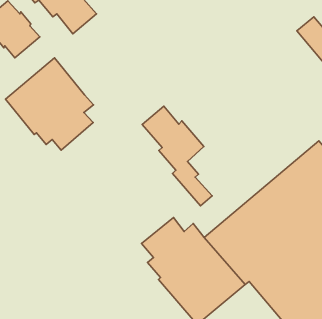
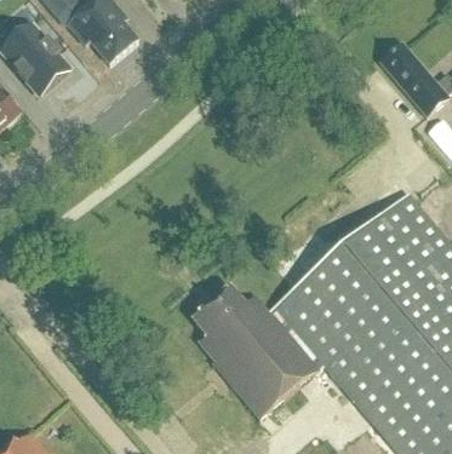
building: [5,58,94,150] -> none
building: [142,106,212,206] -> none

